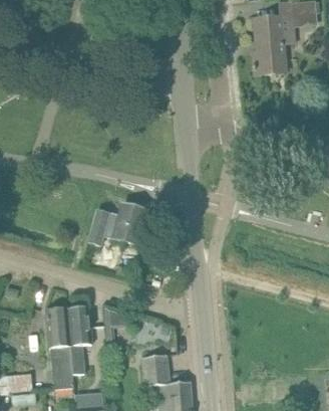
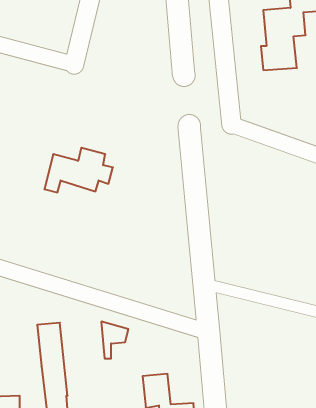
building: [88,204,151,245] -> [44,148,113,192]
building: [66,305,91,375] -> none

